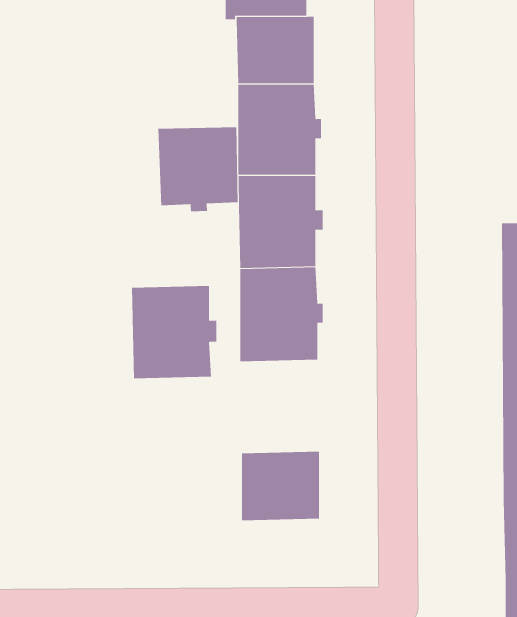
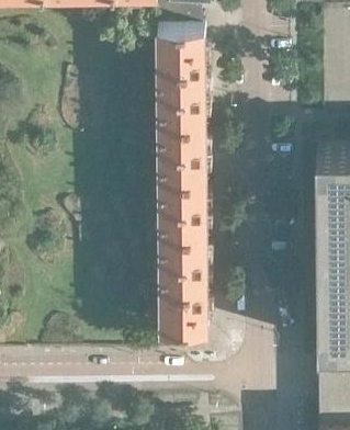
building: [158,127,238,212] -> none
building: [131,286,217,379] -> [159,240,211,296]

